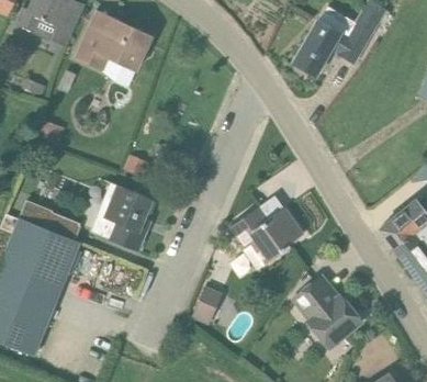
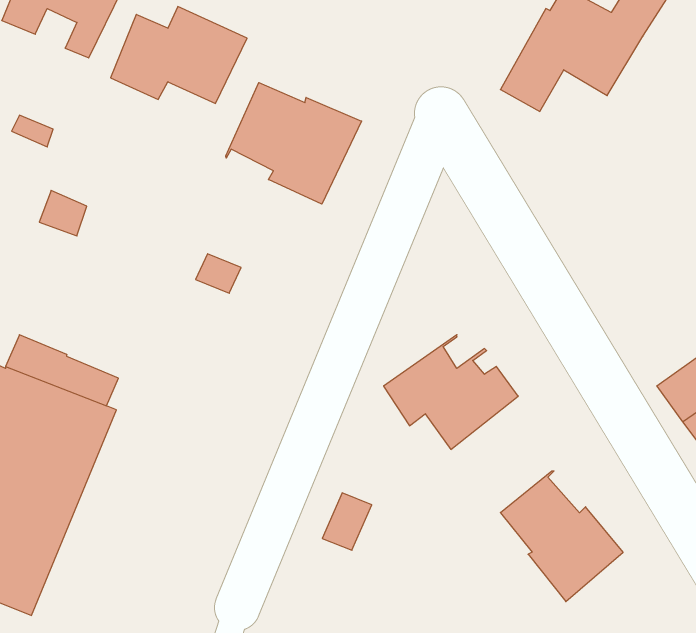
building: none -> [226,83,362,204]
building: [90,181,153,251] -> none

